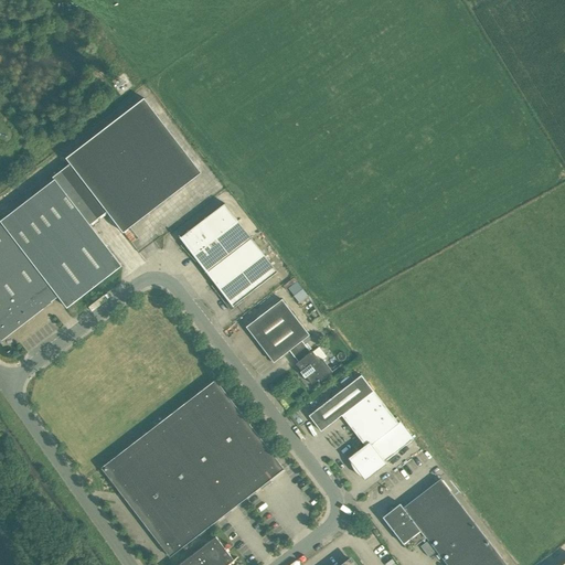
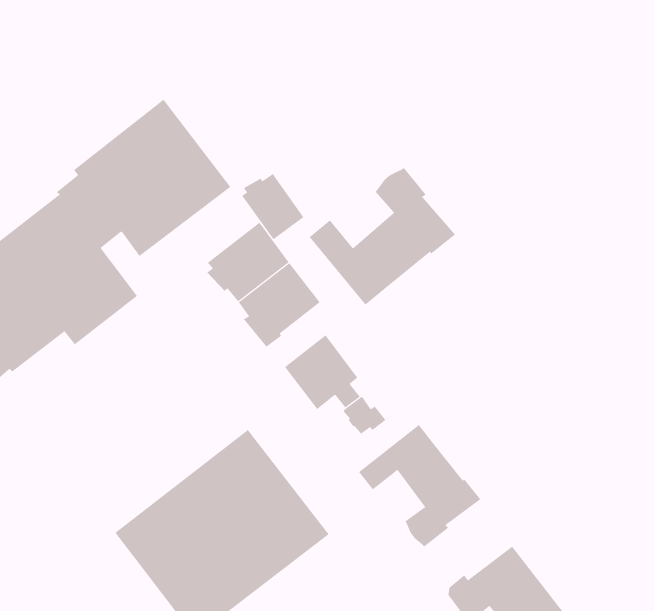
building: none -> [309,167,456,306]
building: none -> [241,173,304,240]

